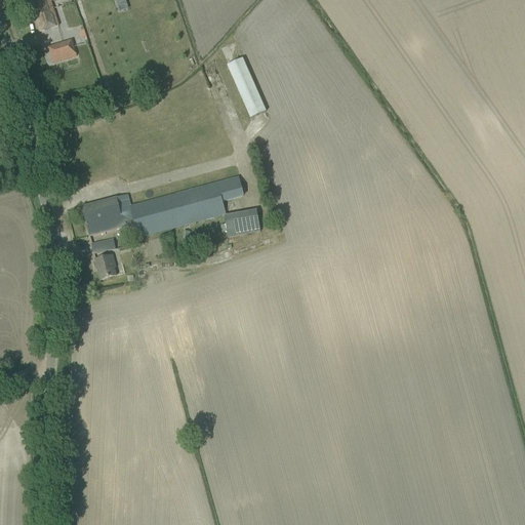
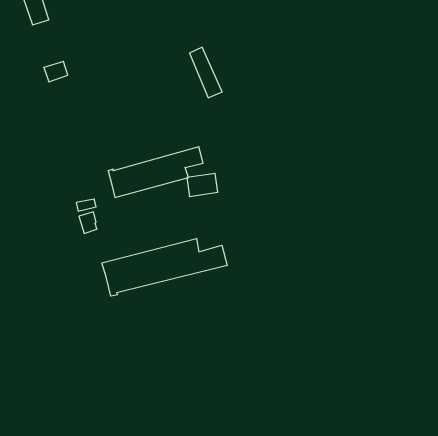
building: [47,37,76,62] -> [44,61,68,82]
building: [82,194,134,235] -> none
building: none -> [102,238,227,296]

